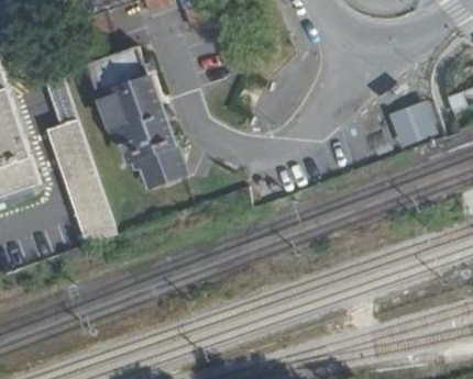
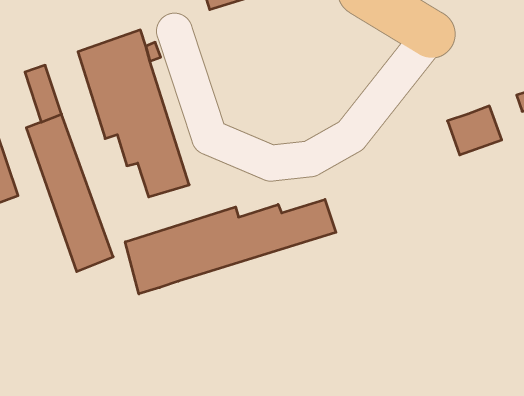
building: none -> [125,199,336,294]

